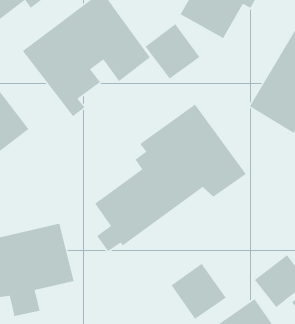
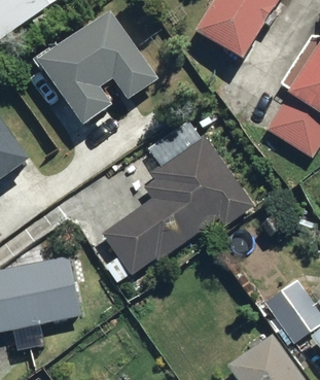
building: [144,23,201,80] -> none
building: [171,263,227,320] -> none

